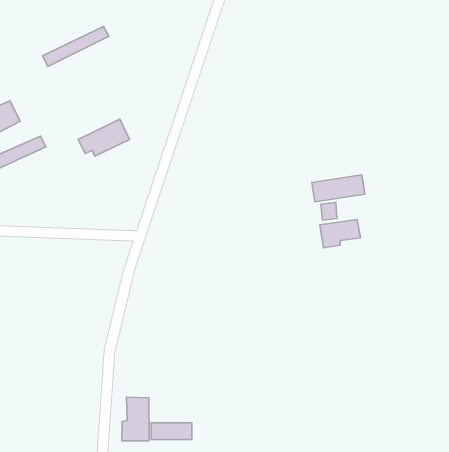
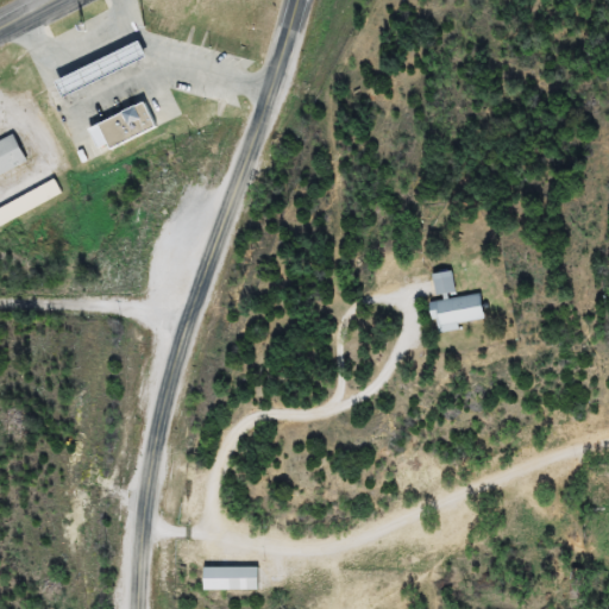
building: [78,119,129,156] -> [89,95,158,145]
building: [312,175,365,202] -> none
building: [122,397,149,441] -> none

